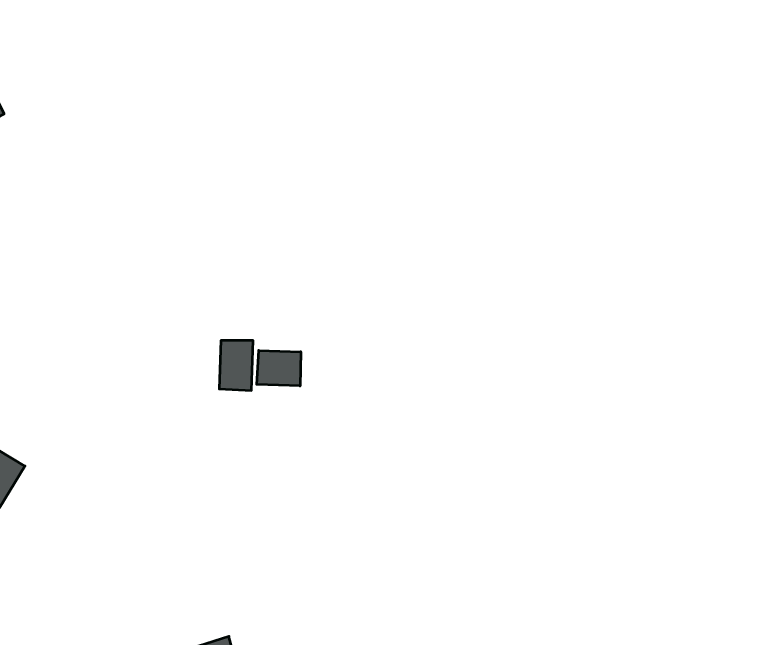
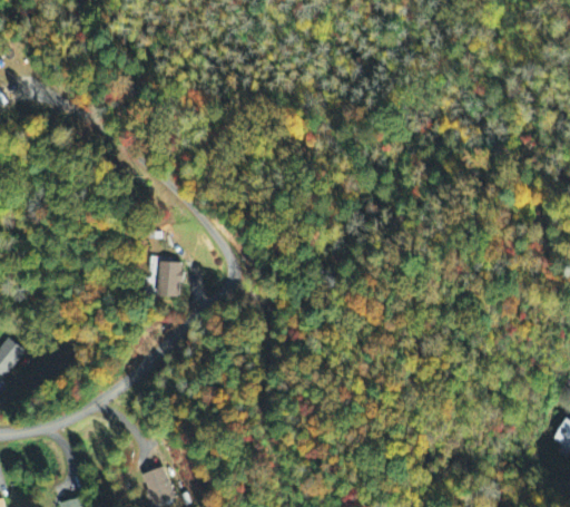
building: [257,350,301,386] -> none

